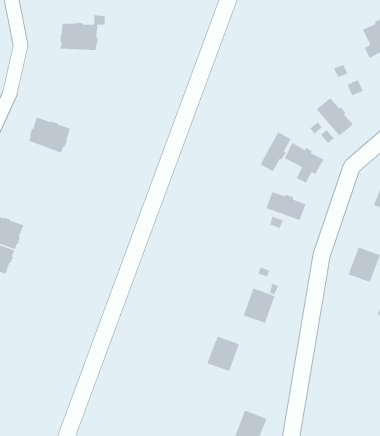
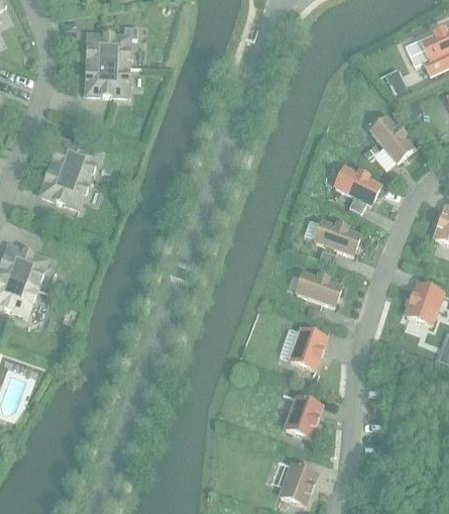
building: none -> [86,64,128,95]
building: [259,131,292,172] -> none
building: none -> [40,166,89,207]
building: none -> [296,273,341,305]
building: [206,335,240,372] -> [285,396,322,436]

